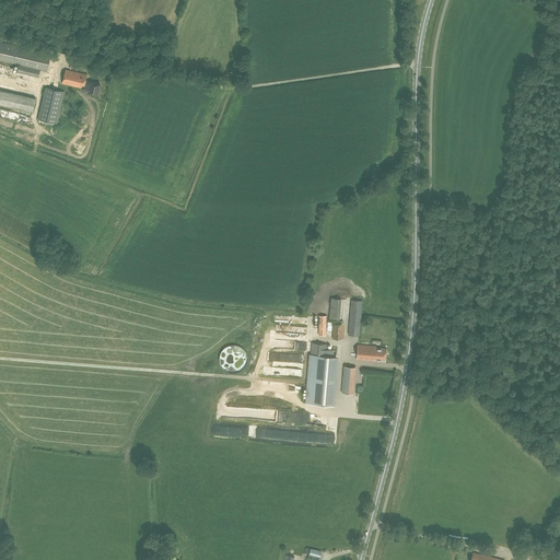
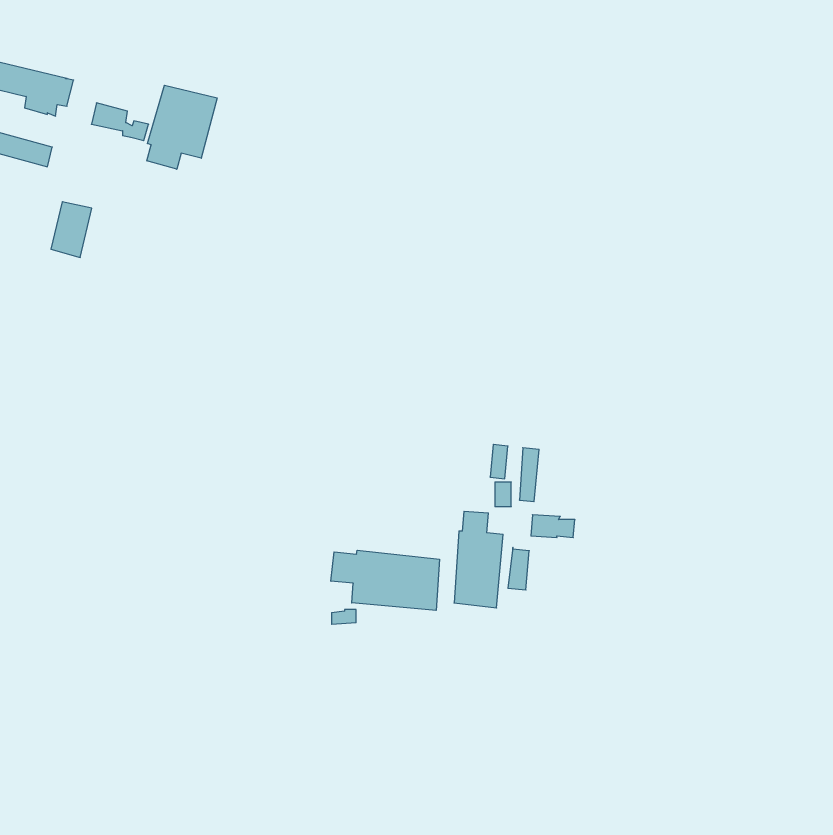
building: none -> [147,85,217,169]
building: [36,88,63,125] -> [51,202,92,257]
building: none -> [331,550,439,610]

